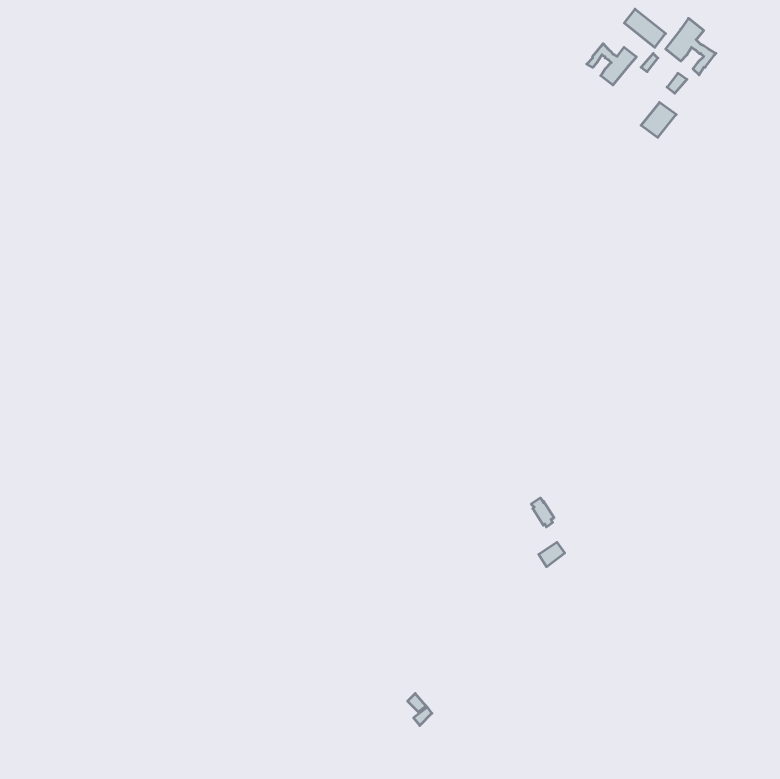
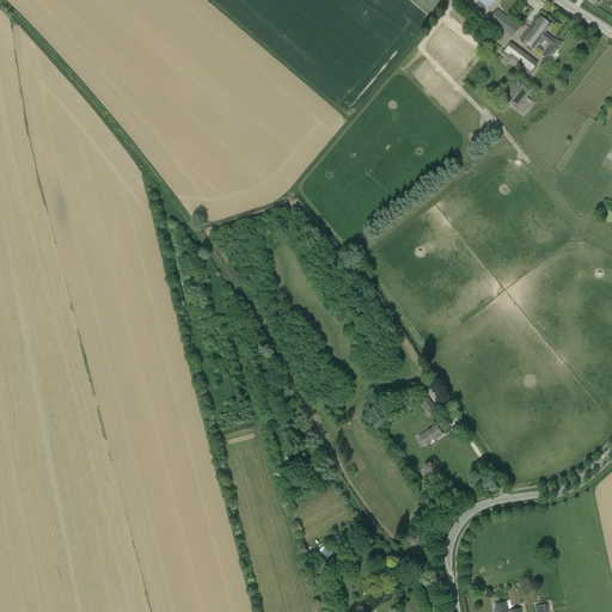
building: [587,44,636,85] -> none

